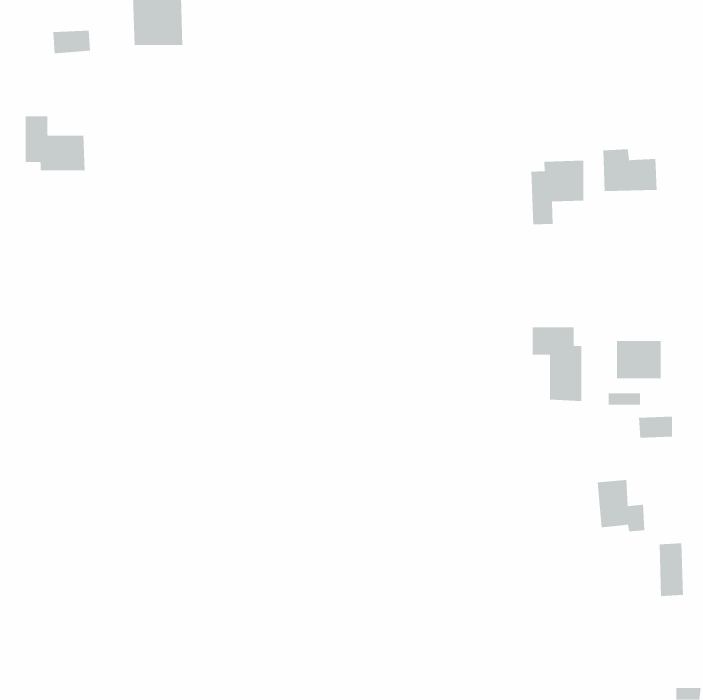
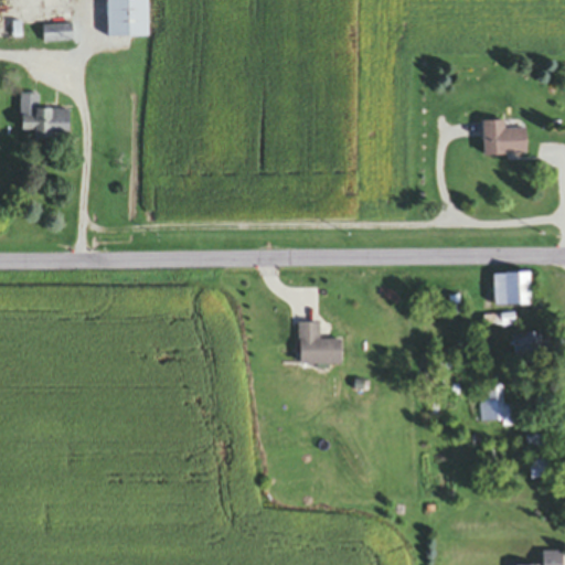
building: [531,160,584,225] -> none
building: [532,326,582,402] -> none
building: none -> [300,322,342,364]

